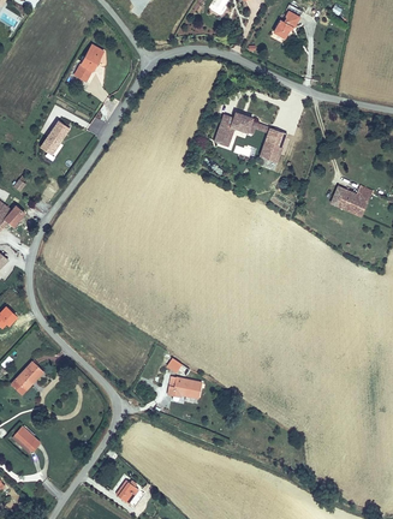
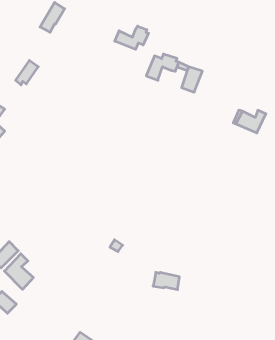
building: none -> [115,26,149,49]
building: none -> [4,254,33,289]
building: [167,377,202,400] -> [153,272,179,290]

